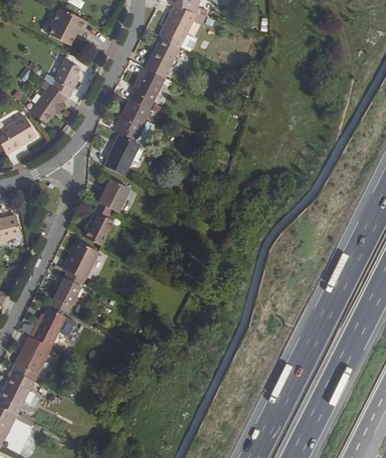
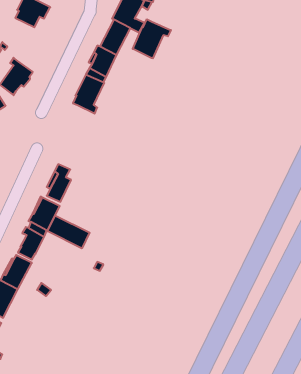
building: none -> [133,19,171,58]
building: [51,60,81,97] -> none
building: [106,135,140,176] -> none
building: [98,180,129,212] -> none
building: none -> [47,215,90,248]

